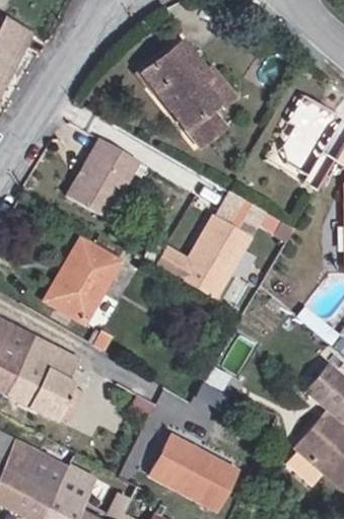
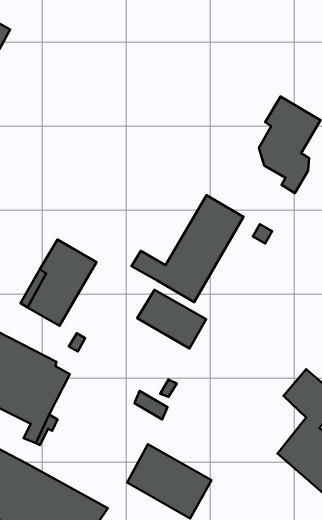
building: [141,42,235,145] -> none
building: [64,139,136,218] -> none
building: none -> [137,290,206,348]

